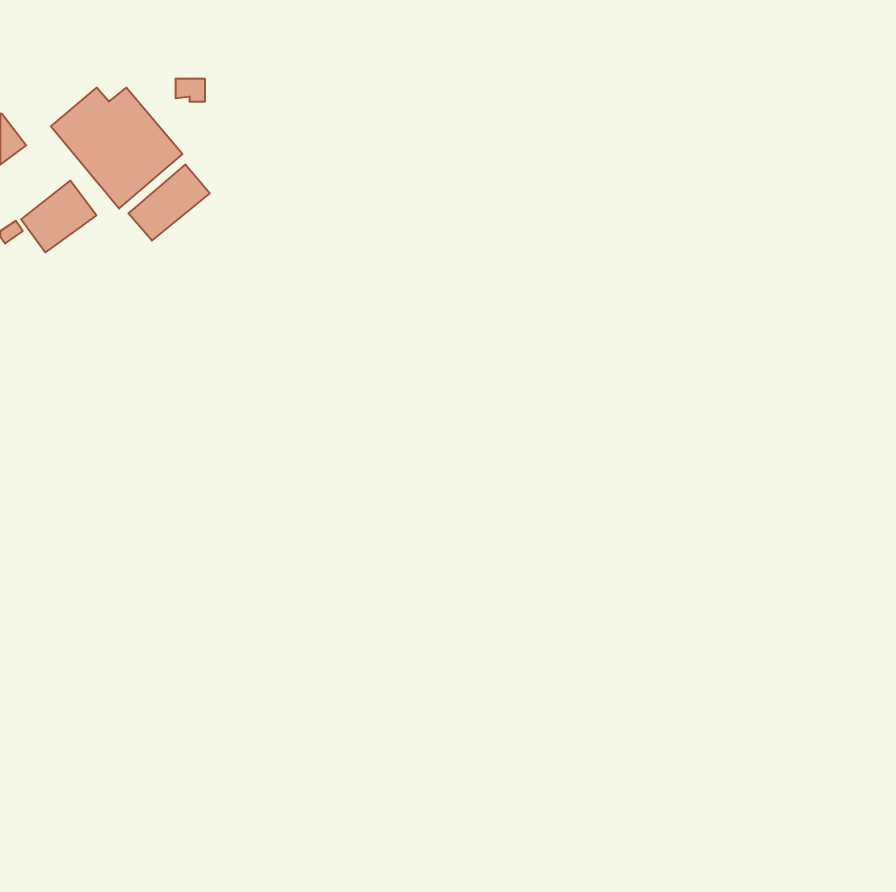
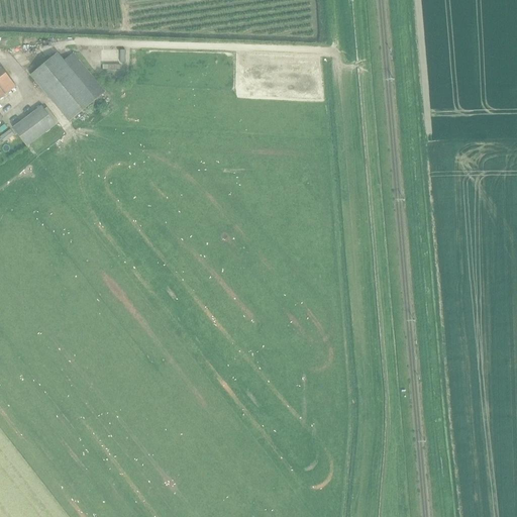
building: [128,164,210,241] -> none

